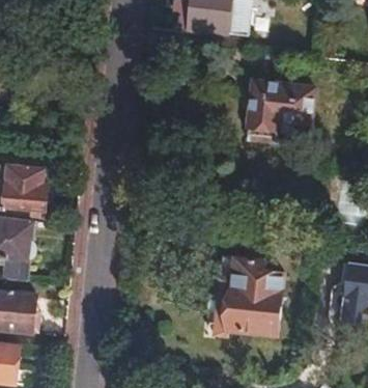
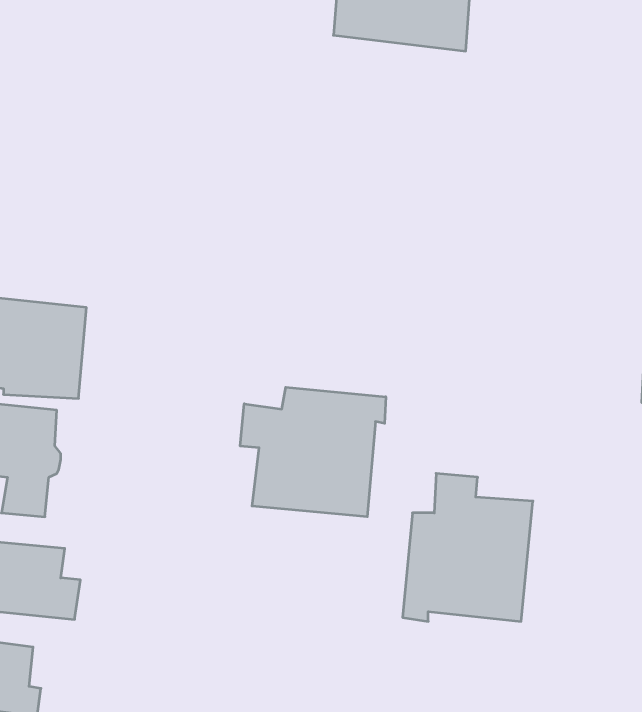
building: [246,82,313,143] -> none
building: none -> [240,387,386,517]

